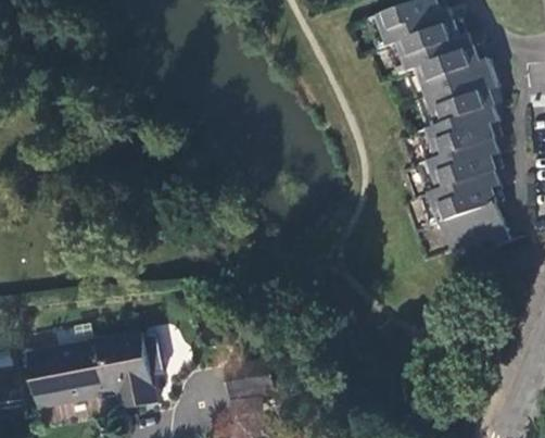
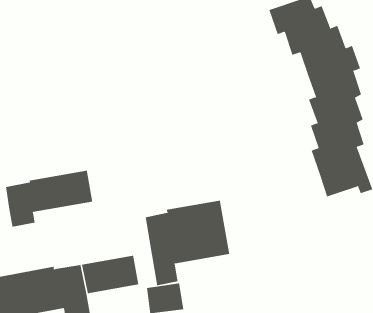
building: none -> [5,170,93,228]
building: none -> [145,200,230,286]

